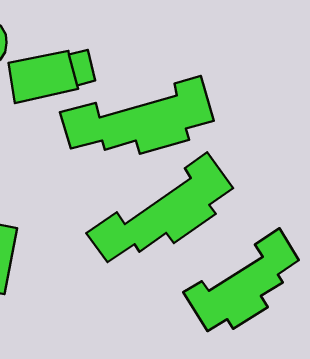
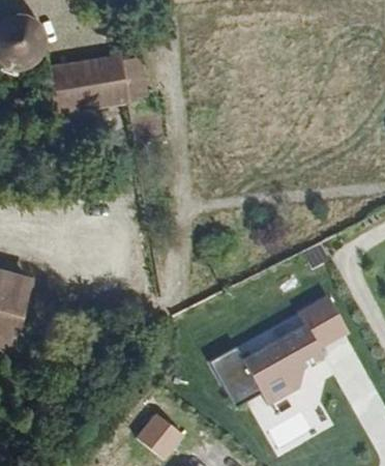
building: [60,76,214,154] -> none
building: [86,152,233,262] -> none

